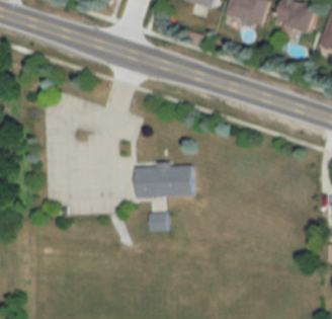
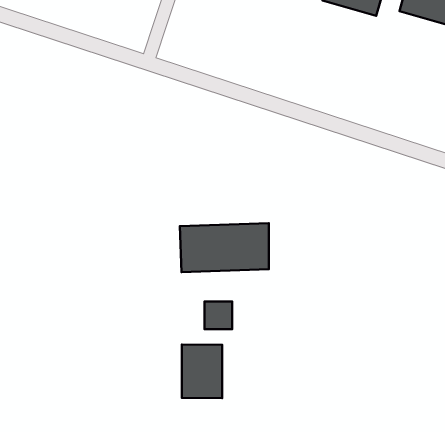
building: none -> [182,344,222,398]

